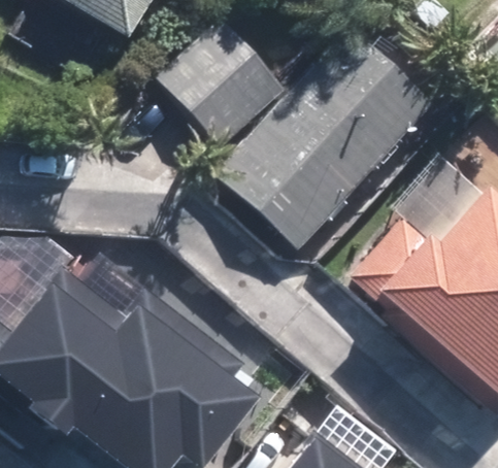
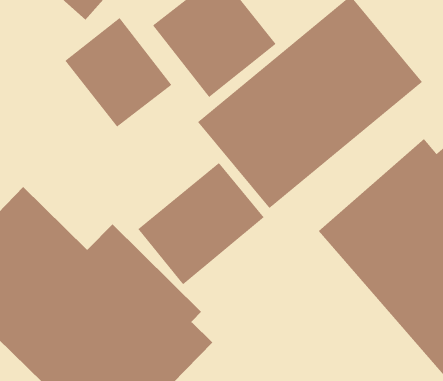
building: none -> [65,17,172,127]
building: none -> [138,162,264,285]

